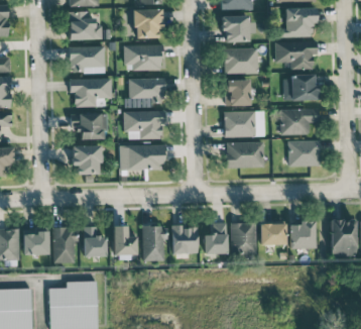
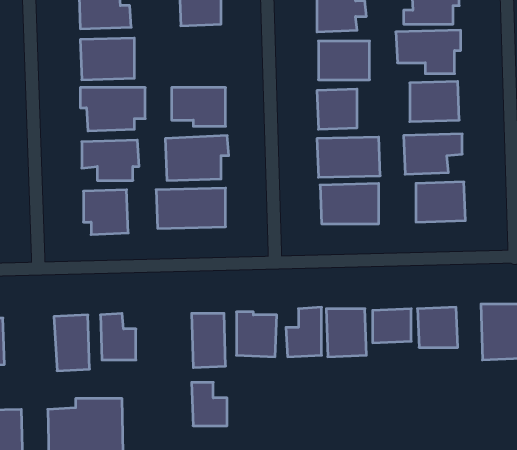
building: [125,44,164,71] -> none
building: [113,226,136,254] -> [192,382,227,426]
building: [23,232,49,255] -> none

